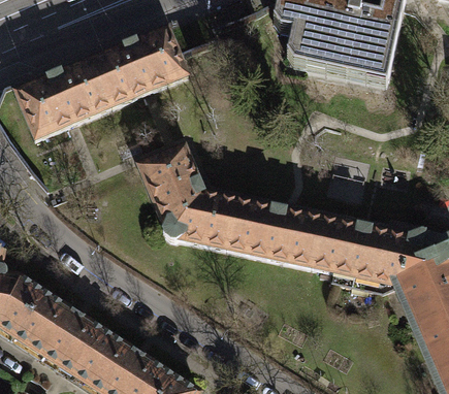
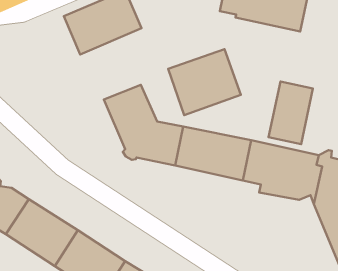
building: [13,59,109,139] -> none
building: none -> [168,49,241,115]
building: none -> [269,82,313,144]

